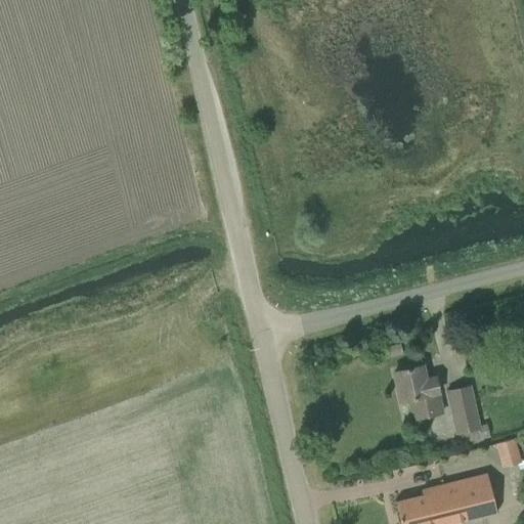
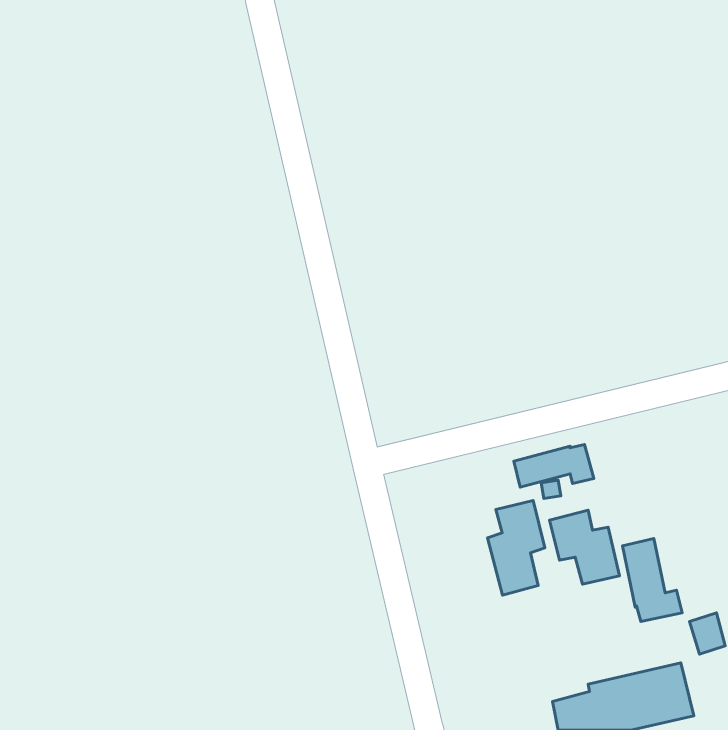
building: none -> [514,445,594,487]
building: none -> [488,500,545,595]

